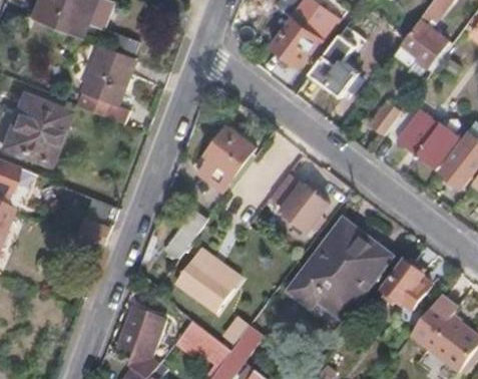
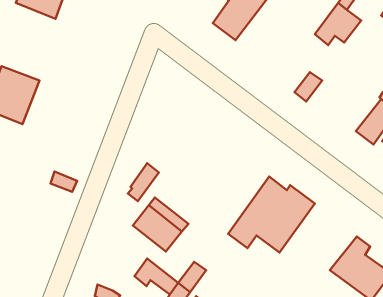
building: [309,30,364,94] -> none
building: [82,44,135,122] -> none
building: [398,106,458,166] -> none
building: [200,125,254,188] -> none
building: [275,176,329,230] -> none
building: [384,264,428,309] -> none
building: [115,307,164,360] -> none

